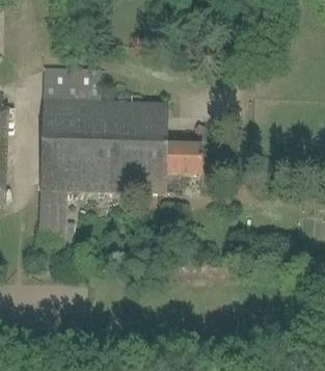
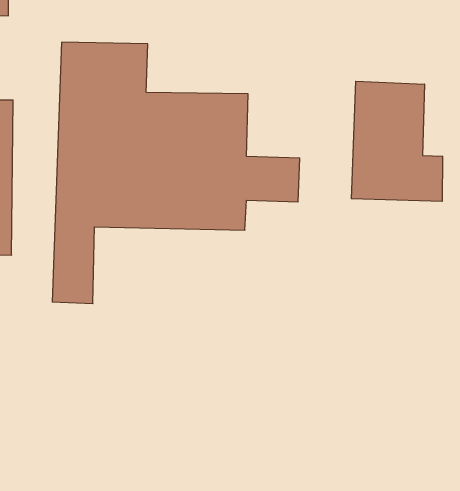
building: none -> [351,81,443,201]

